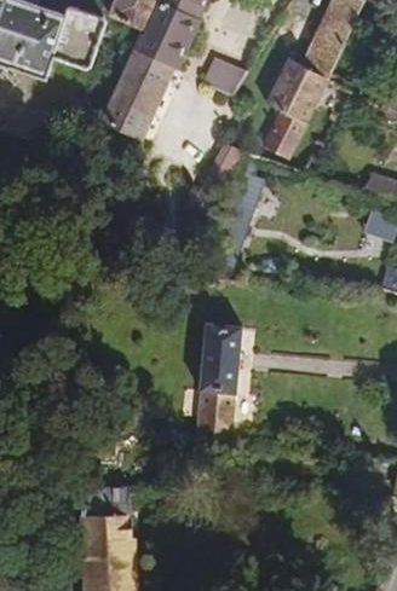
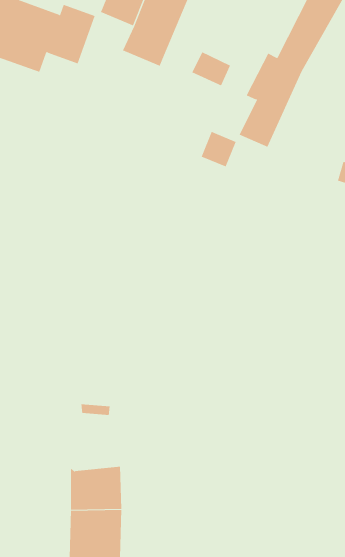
building: [103,57,173,140] -> none
building: [197,323,249,441] -> none

